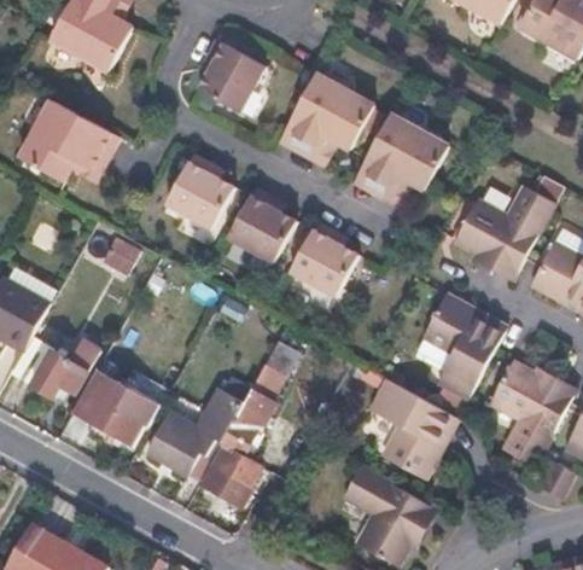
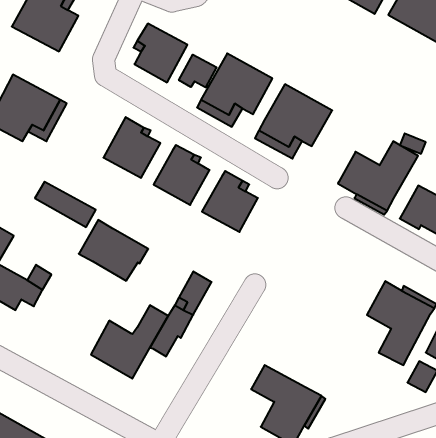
building: none -> [179,55,217,87]
building: [424,292,506,400] -> none
building: [71,370,158,446] -> [79,220,148,281]
building: [372,377,455,477] -> none
building: [202,444,260,505] -> none

